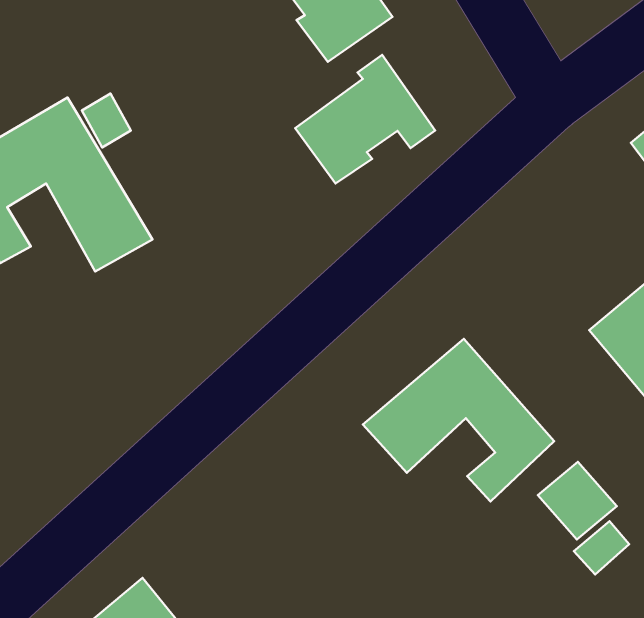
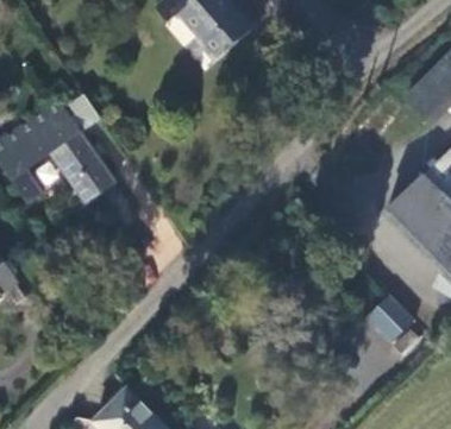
building: [295,55,435,183] -> none
building: [363,339,554,502] -> none

